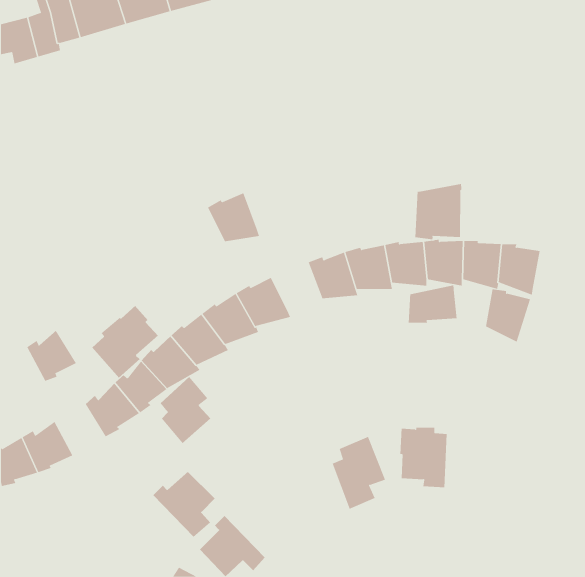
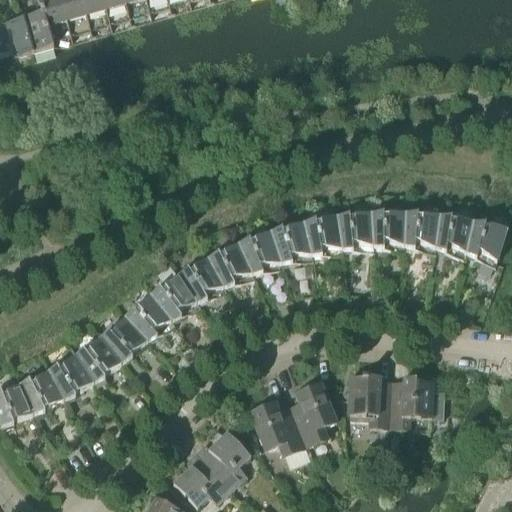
building: [415,183,462,240] -> none
building: [207,193,260,242] -> [237,229,283,272]
building: [408,285,457,323] -> none
building: [485,289,531,343] -> [466,219,506,266]
building: [92,305,159,378] -> none
building: [26,330,77,381] -> [48,353,92,398]
building: [160,376,211,444] -> none
building: none -> [389,375,444,427]
building: none -> [250,399,305,454]
building: [152,471,215,538] -> [196,429,251,487]

